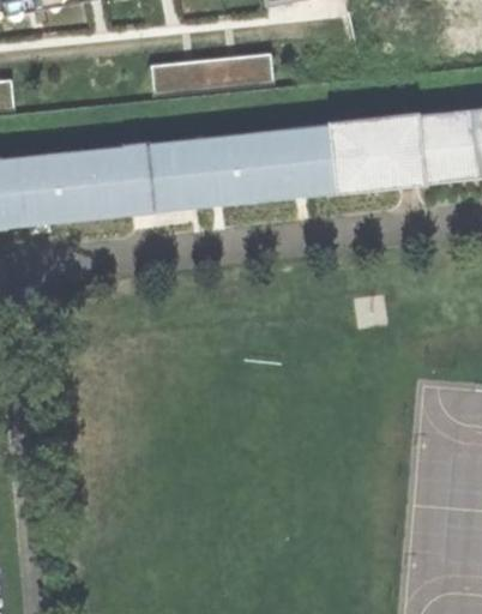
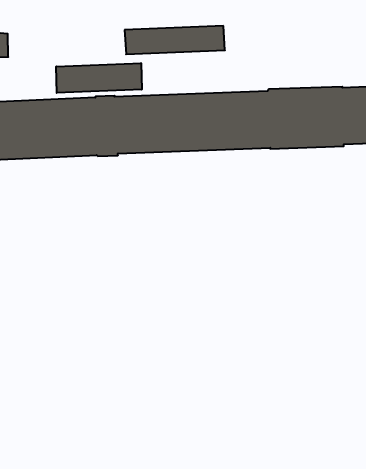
building: none -> [56,63,142,93]

